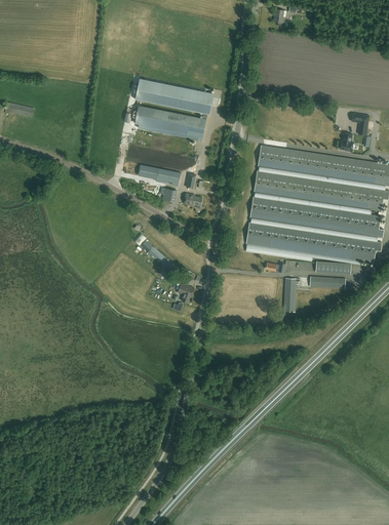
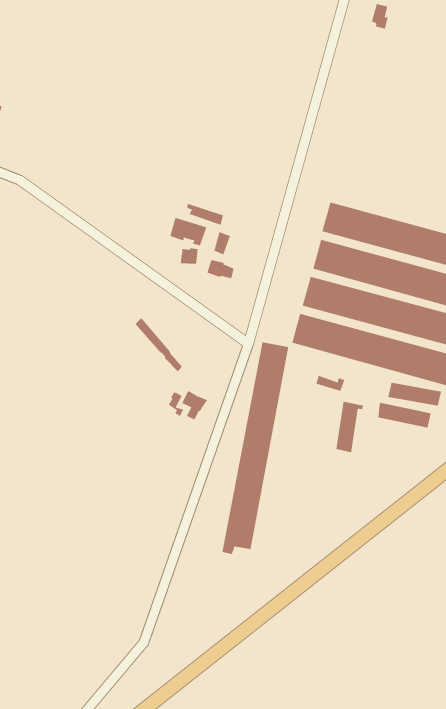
building: [134,78,211,140] -> none
building: none -> [222,342,289,555]

